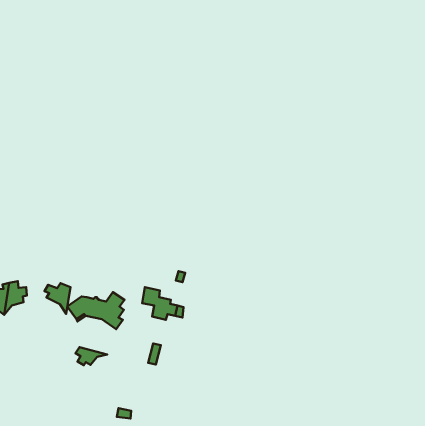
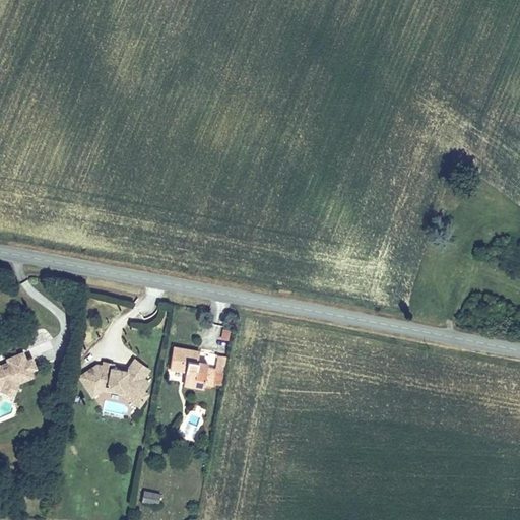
building: [44,283,70,314] -> none
building: [75,347,107,365] -> none

